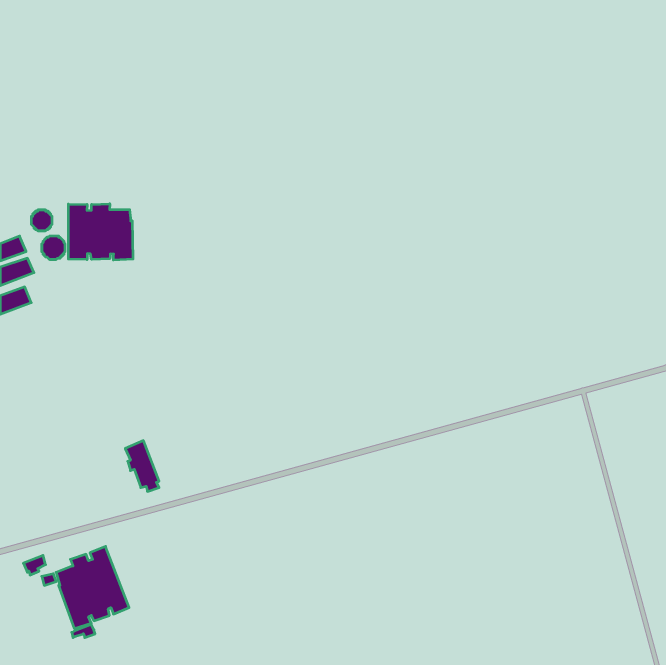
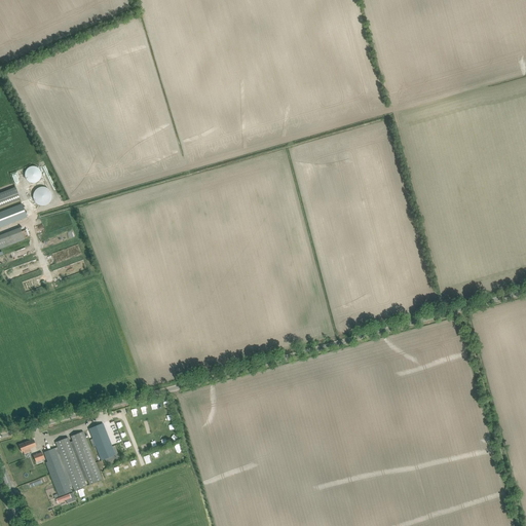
building: [68,204,133,260] -> none
building: [125,441,159,491] -> [88,422,115,462]

